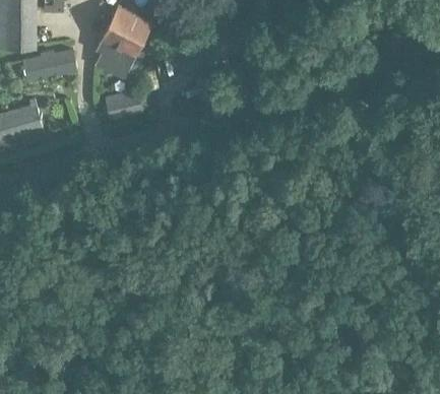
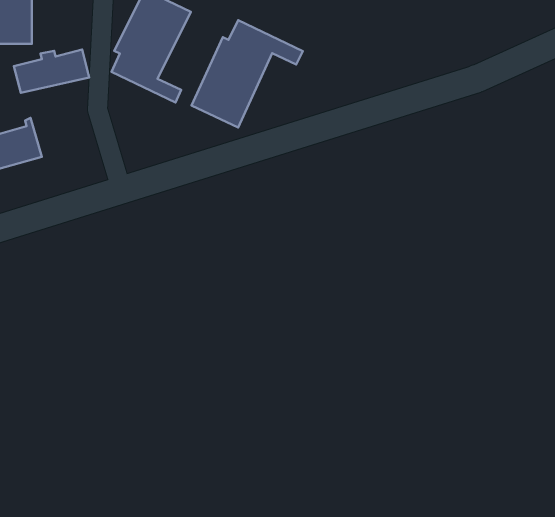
building: none -> [191,20,303,128]
building: [105,89,142,119] -> none

